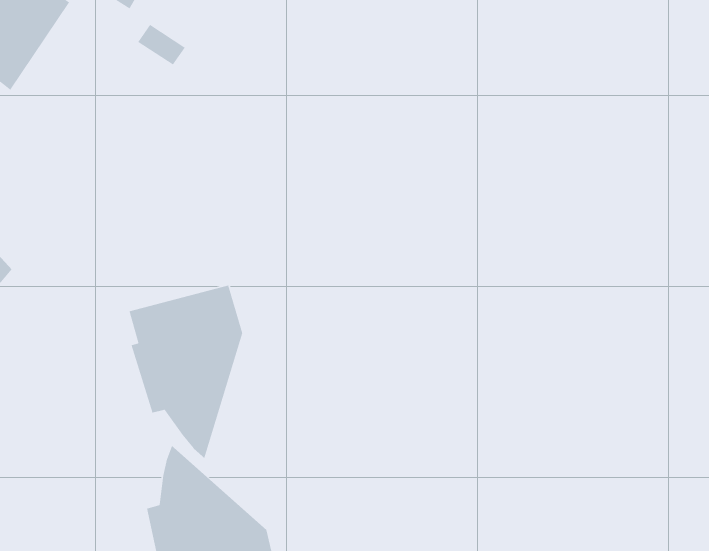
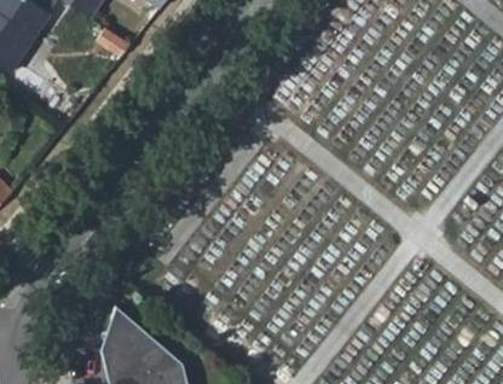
building: [128,284,243,459] -> none

